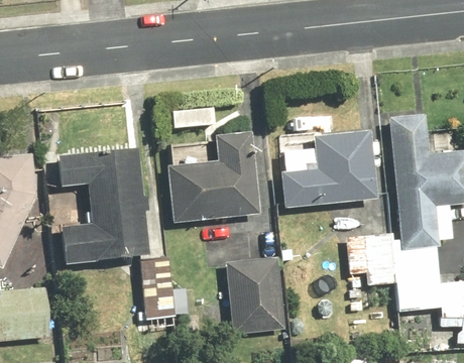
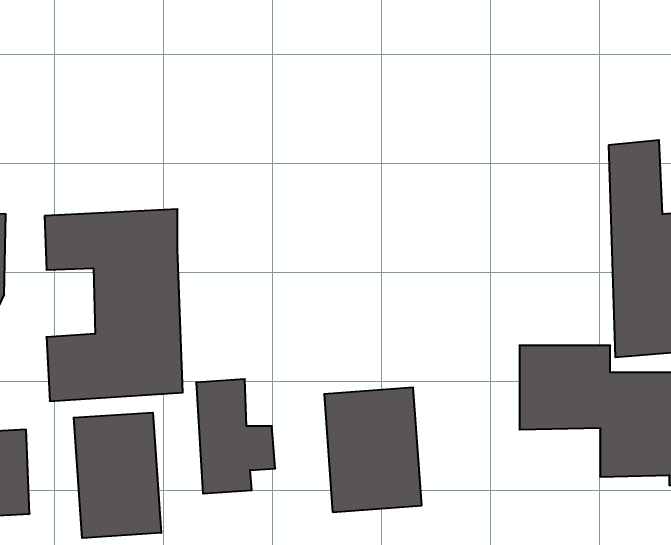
building: [283,133,373,206] -> none
building: [165,156,255,220] -> none
building: none -> [74,413,161,538]

